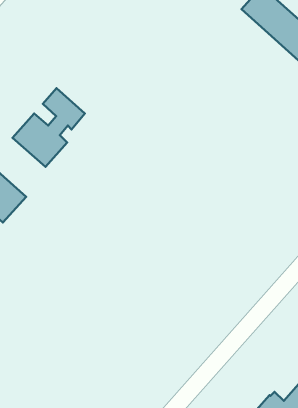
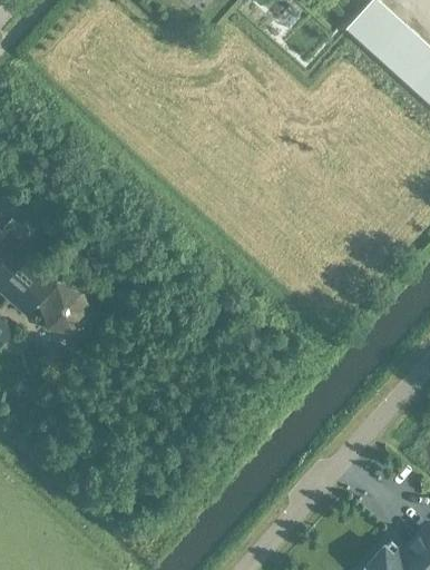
building: [12,88,85,167] -> none
building: none -> [39,285,91,336]

